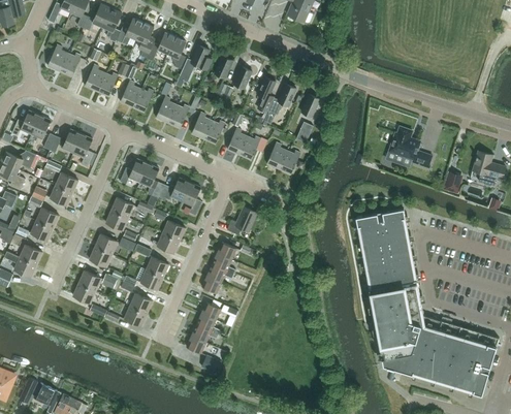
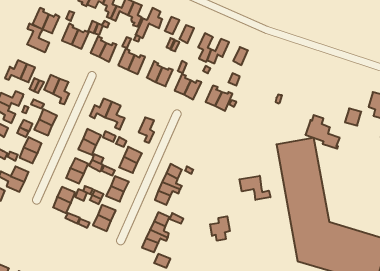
building: none -> [27,23,49,52]
building: [388,126,432,168] -> [305,115,340,149]
building: [157,178,189,201] -> none
building: [226,206,256,235] -> none
building: none -> [239,176,270,200]
building: none -> [210,216,230,241]

